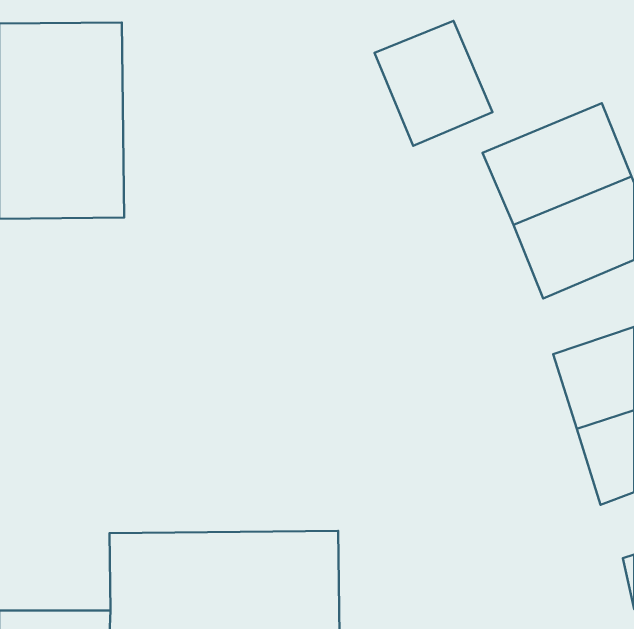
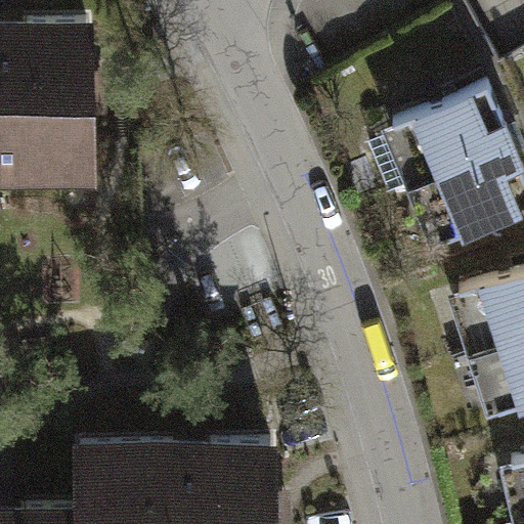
building: [375,21,492,146] -> none

